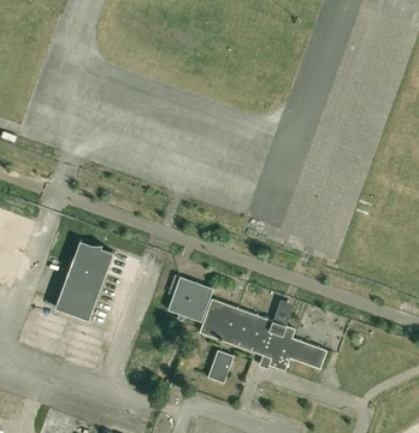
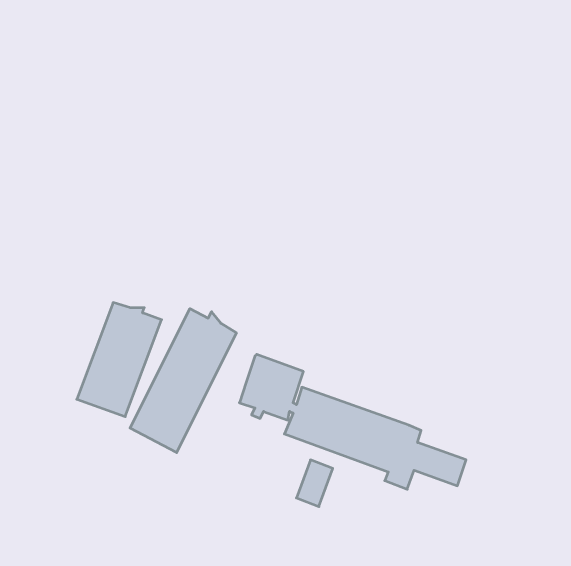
building: none -> [130,309,236,453]

